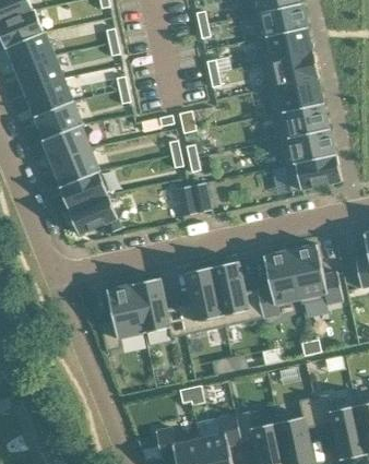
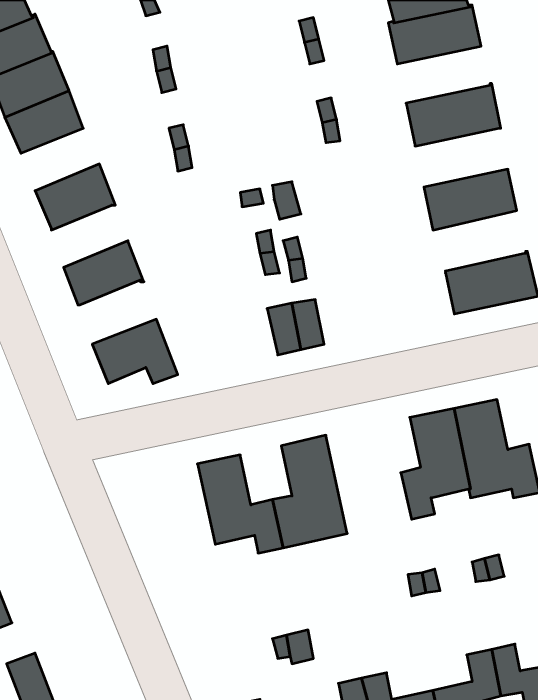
building: [255,28,312,63] -> none
building: [25,79,73,117] -> none
building: [266,79,323,115] -> none
building: [41,126,91,164] -> none
building: [277,129,334,167] -> none
building: [59,171,108,211] -> none
building: [212,261,264,326] -> none
building: [99,284,144,353] -> none

